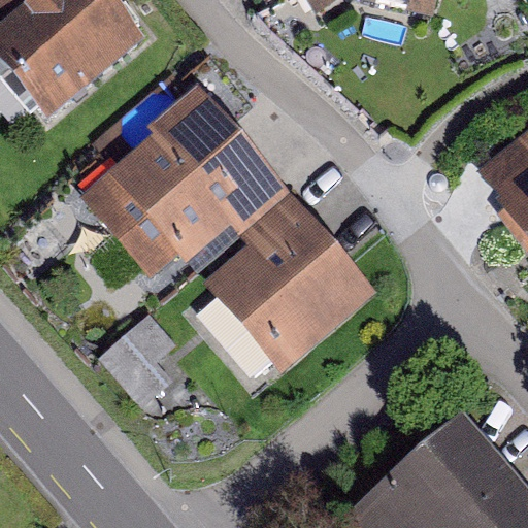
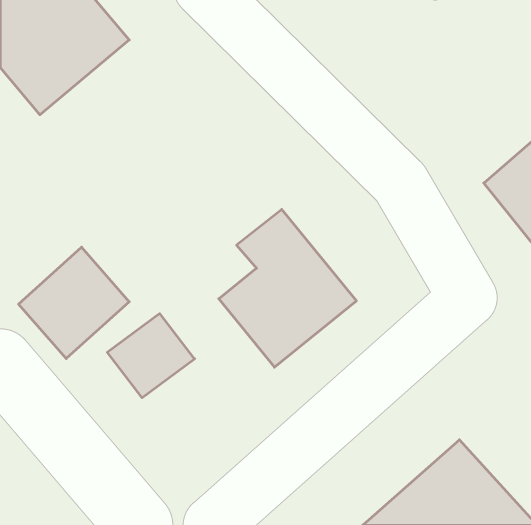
building: [104,117,257,278] -> none
building: none -> [19,247,129,359]

